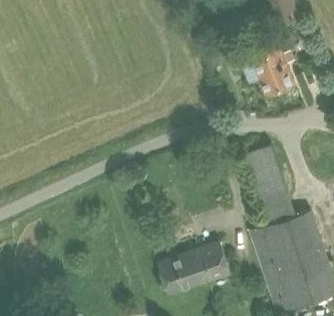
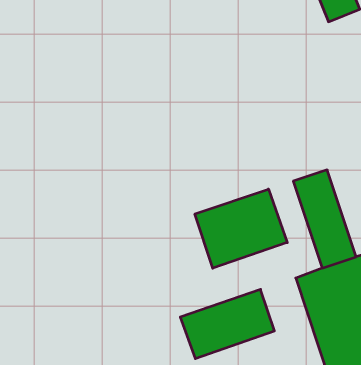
building: [249,43,295,98] -> none
building: none -> [195,189,287,268]

